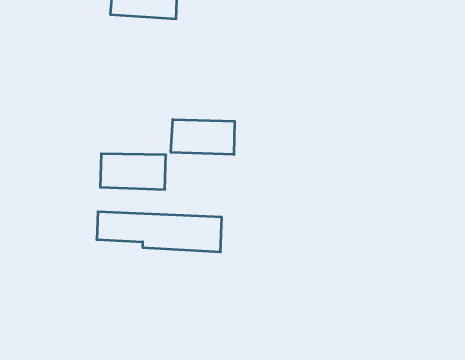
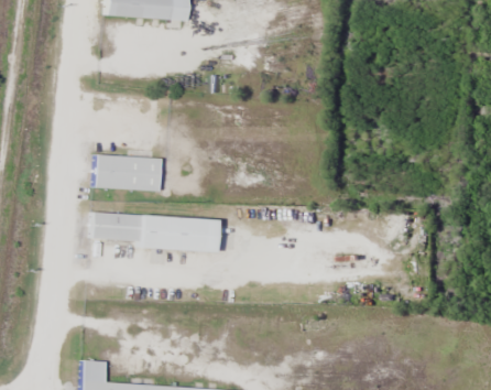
building: [171,119,235,155] -> none

